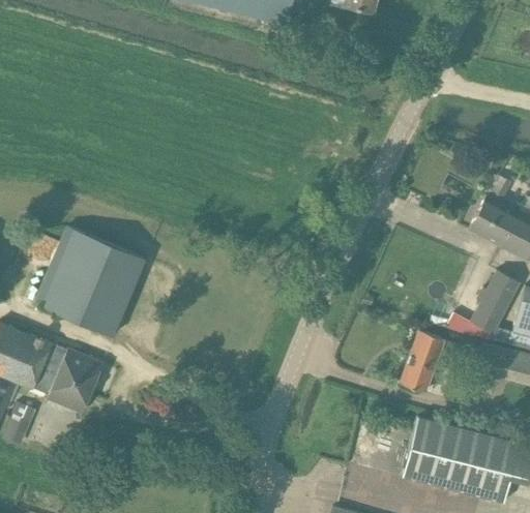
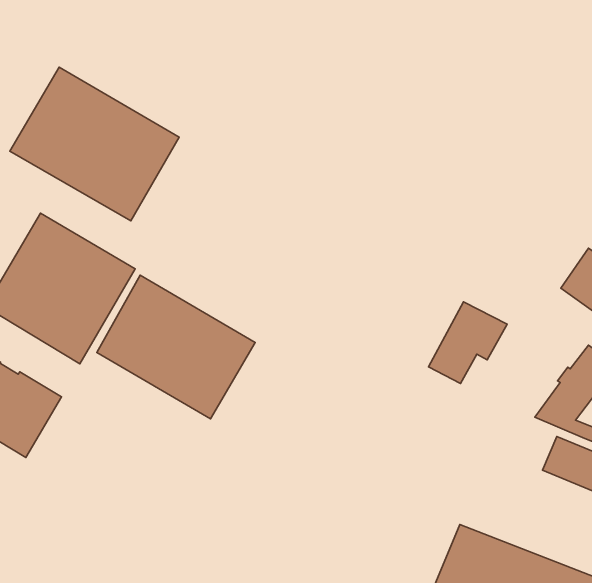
building: none -> [10,67,179,221]
building: none -> [97,275,255,419]
building: [400,331,454,393] -> [429,302,507,383]

